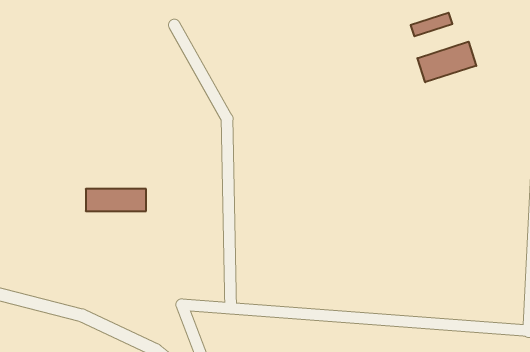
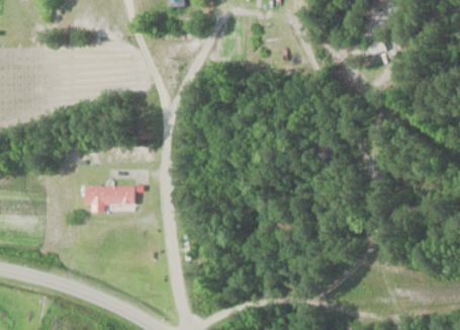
building: [417,42,476,82] -> none

